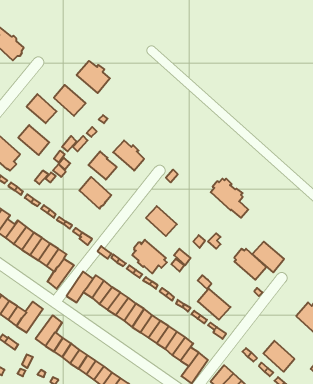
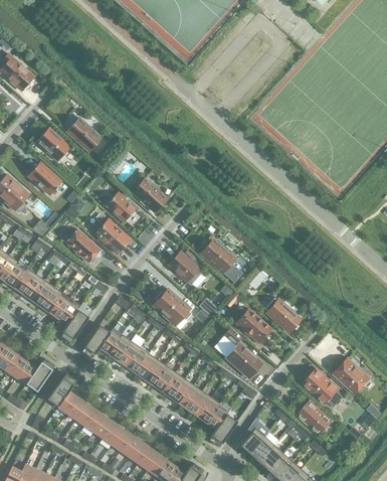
building: [77,61,110,93] -> none
building: [211,179,248,218] -> [200,238,241,282]
building: none -> [65,229,100,263]
building: [252,242,284,272] -> [235,309,270,343]
building: none -> [303,368,343,407]

